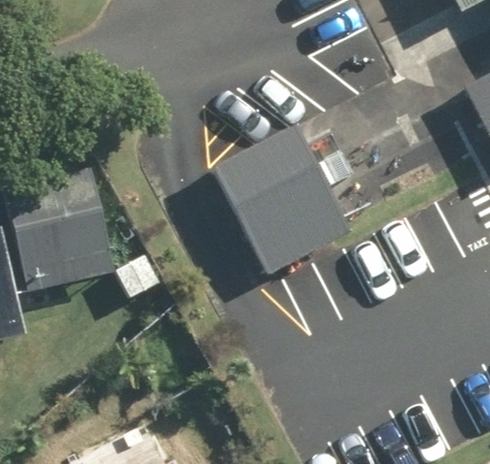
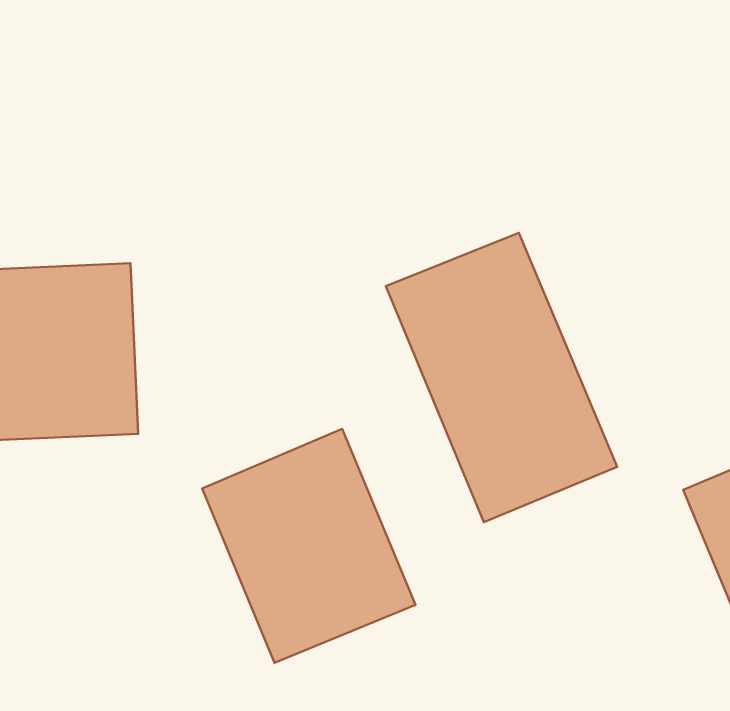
building: none -> [202,429,416,663]

